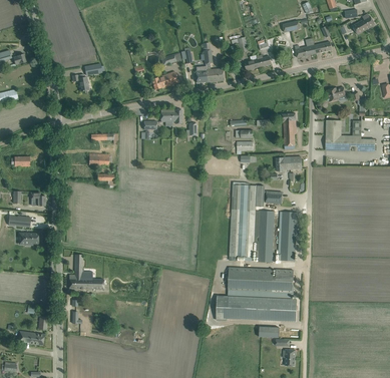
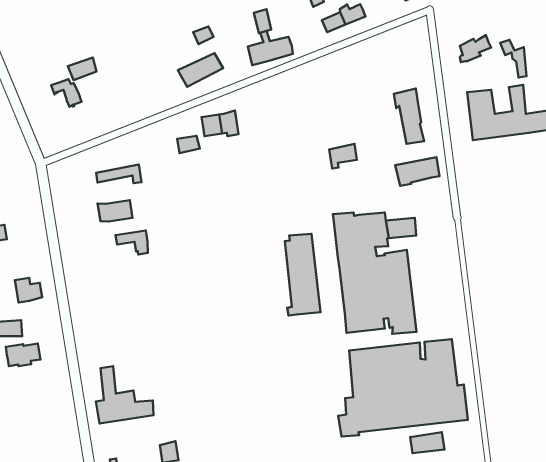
building: [275,211,297,261] -> [285,234,321,316]

